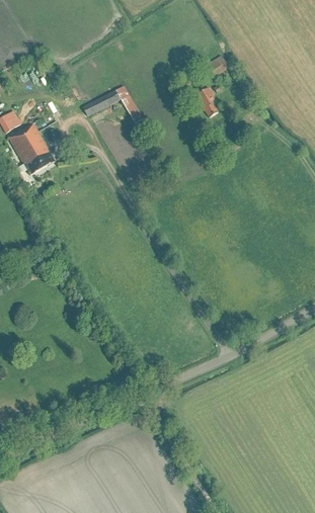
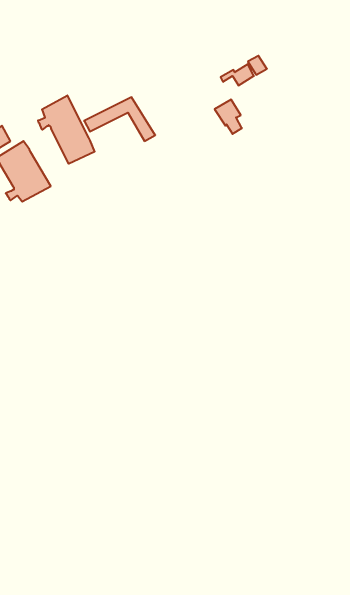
building: none -> [38,95,95,164]

